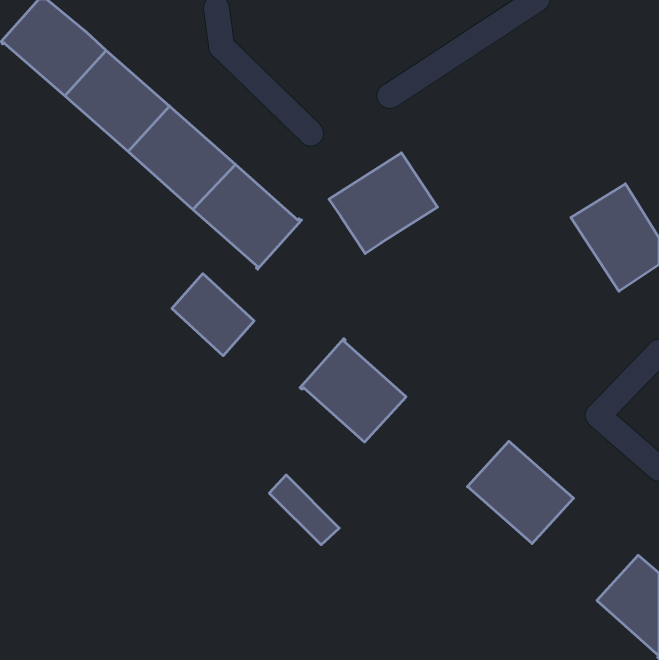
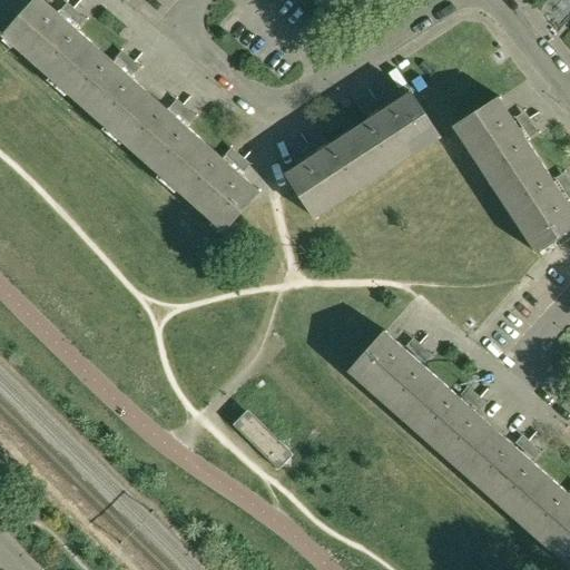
building: none -> [345,91,439,178]
building: none -> [452,97,538,187]
building: [172,274,254,356] -> none
building: [300,339,406,442] -> [346,330,438,419]
building: none -> [458,429,549,517]

